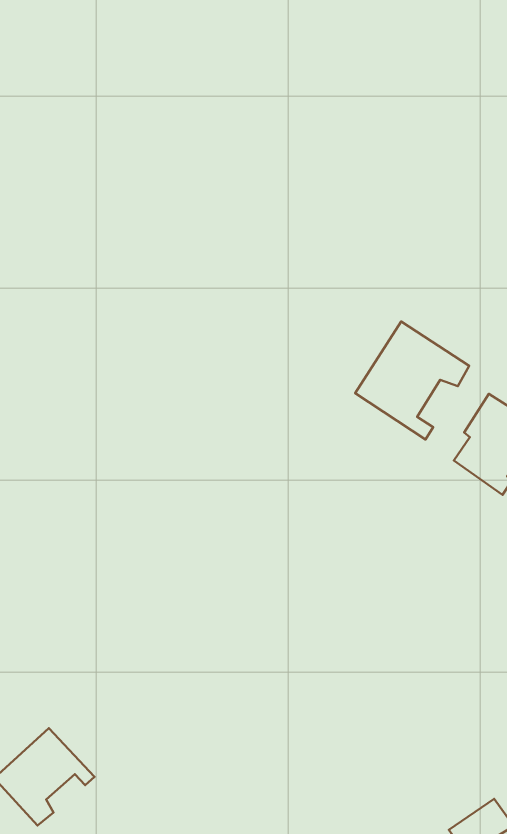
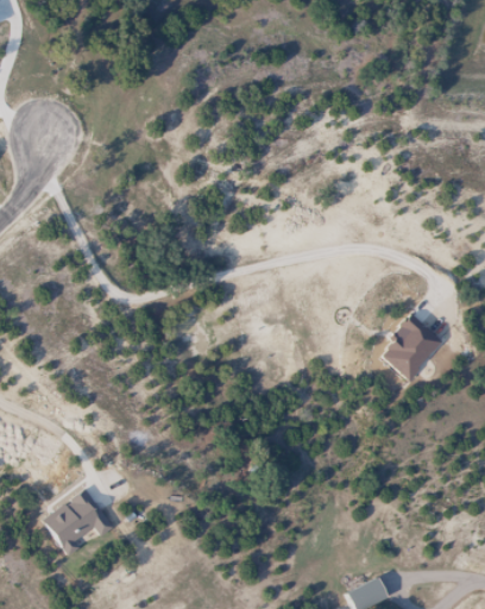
building: [355,321,469,440] -> none

